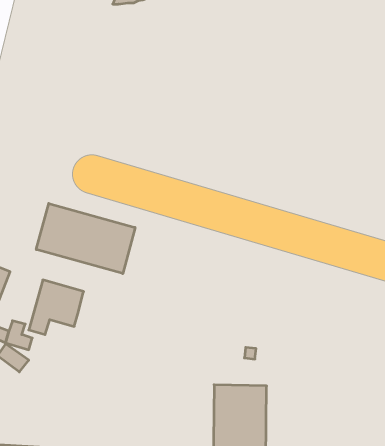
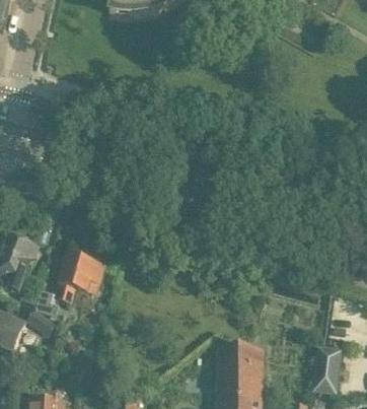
building: [36,203,135,274] -> none
building: none -> [310,342,341,391]

